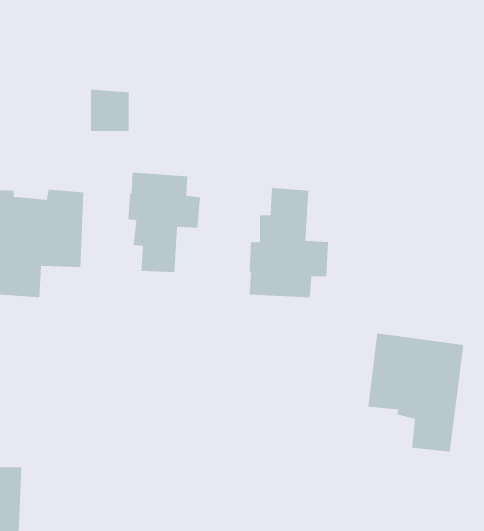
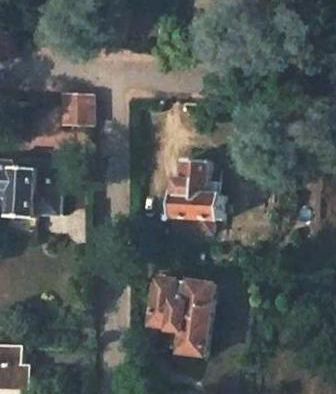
building: [128,172,200,273] -> none
building: [367,333,464,452] -> [149,276,213,355]

